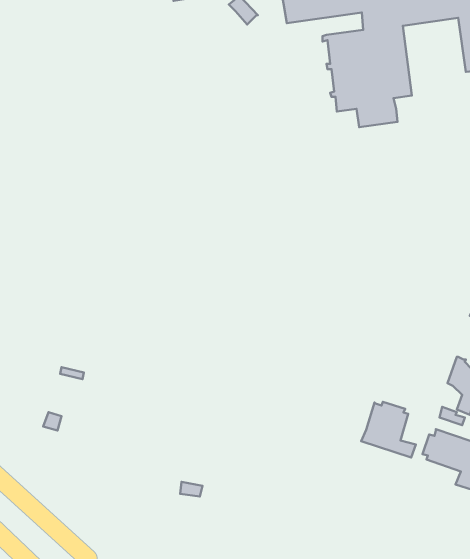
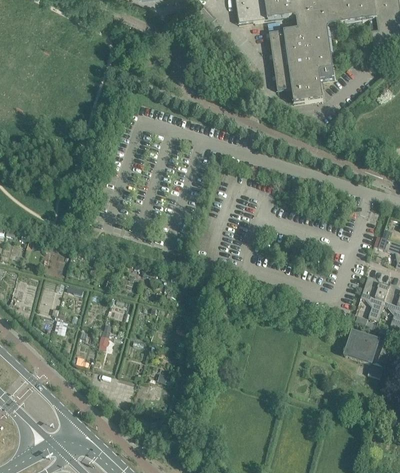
building: [361,402,416,457] -> none

